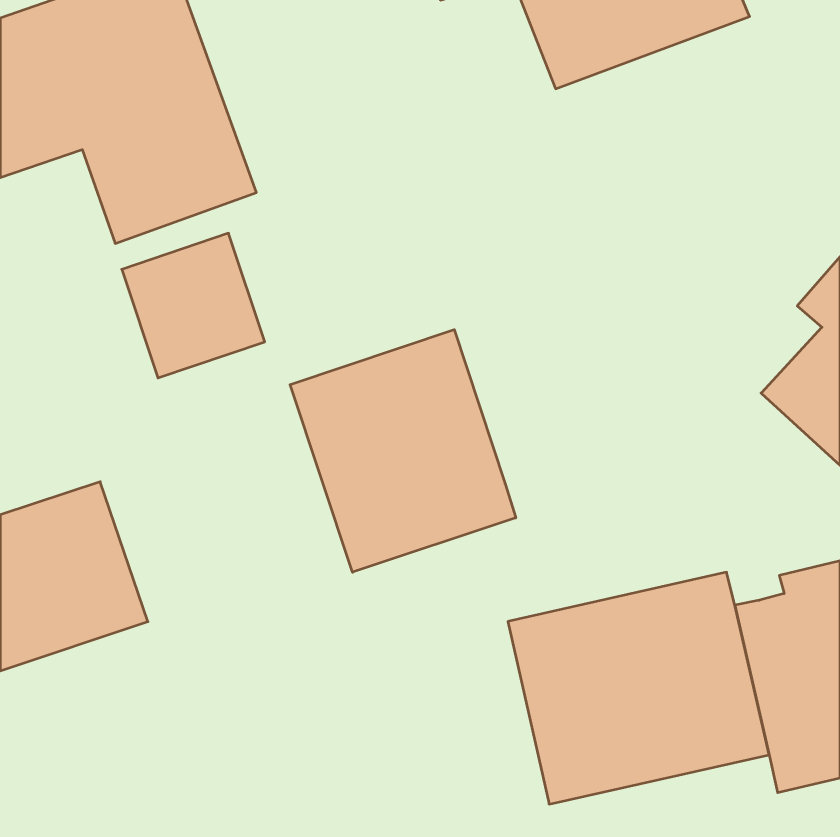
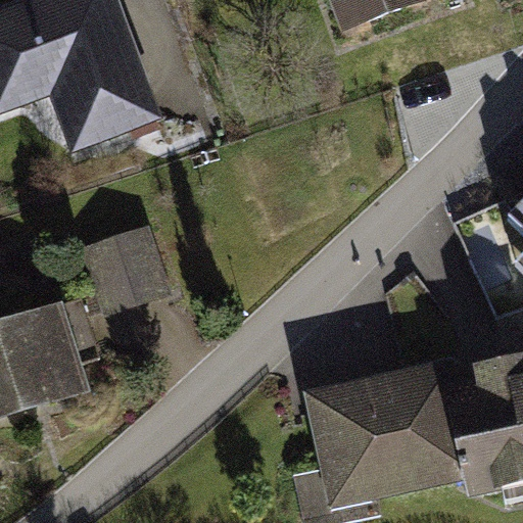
building: [122,233,265,378] -> [83,227,172,317]
building: [290,330,516,572] -> none

